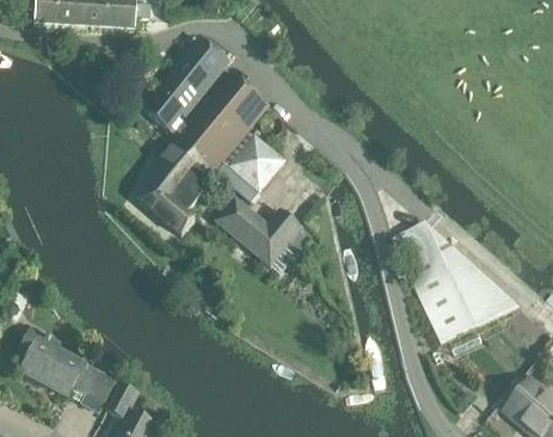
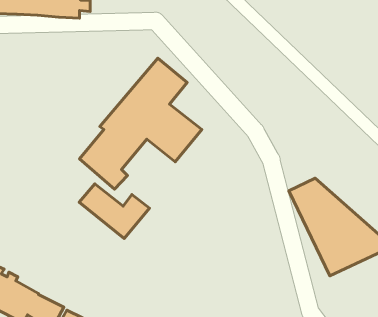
building: [143,41,227,131] -> none
building: [216,198,302,265] -> [79,184,150,238]

